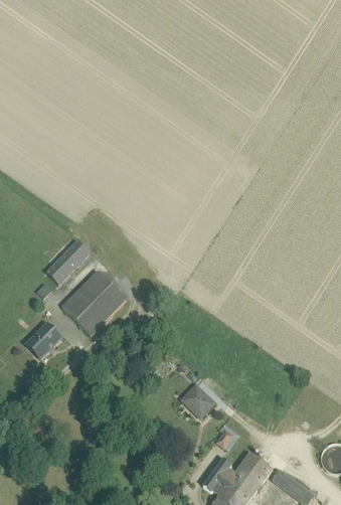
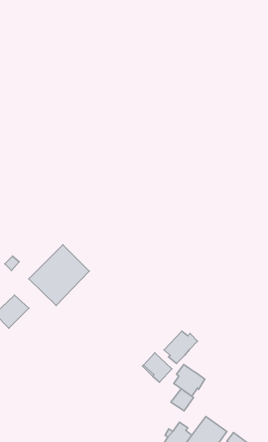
building: [46,240,89,284] -> none
building: none -> [164,331,198,363]
building: none -> [174,364,205,396]

